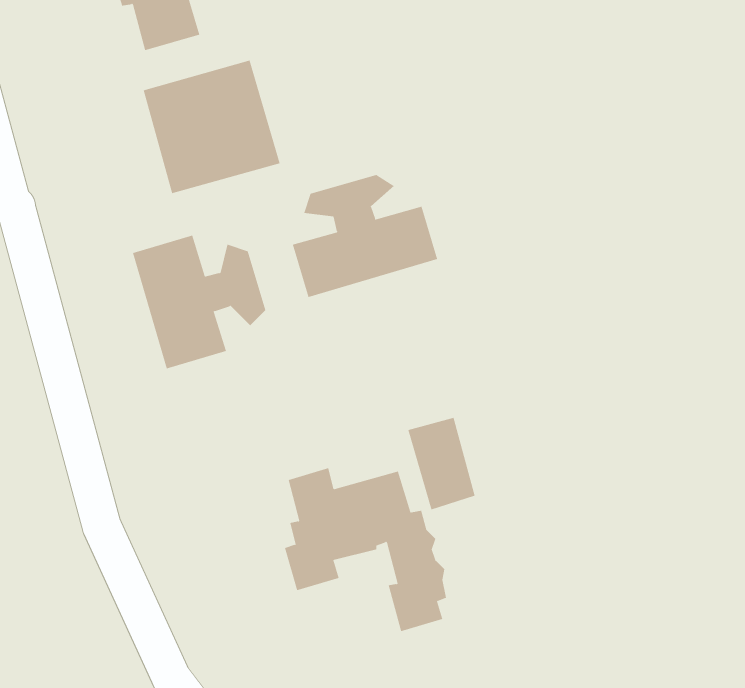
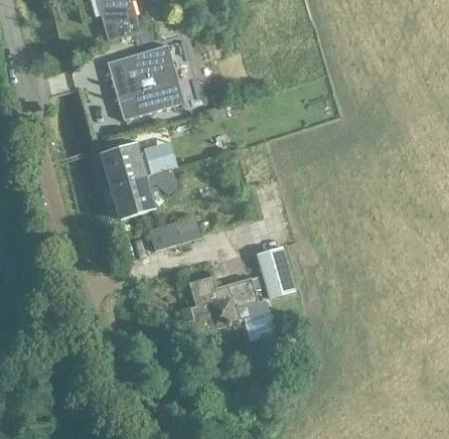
building: [292,174,438,298] -> none
building: none -> [147,222,200,251]

